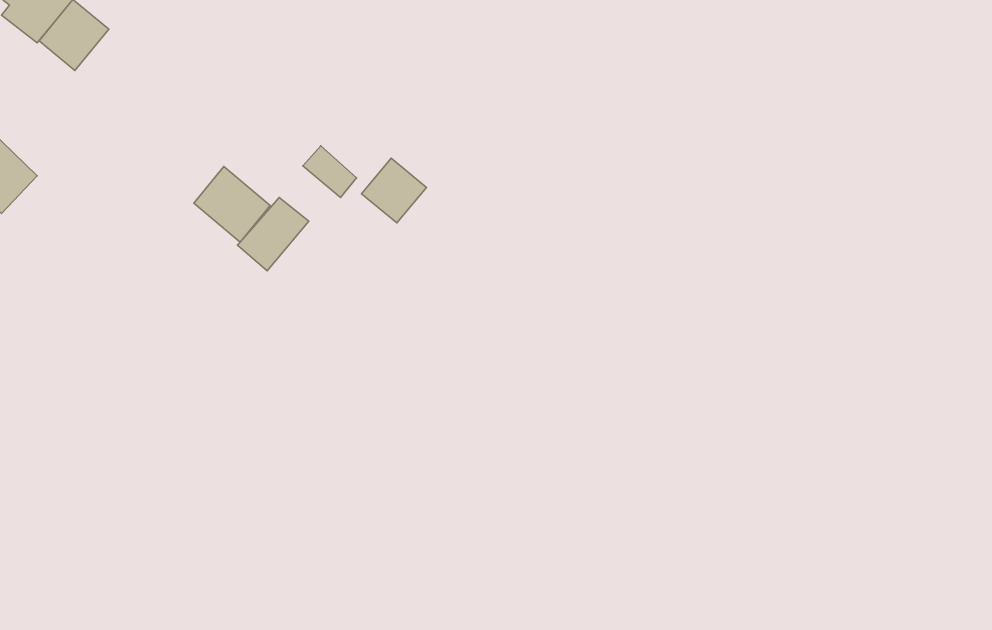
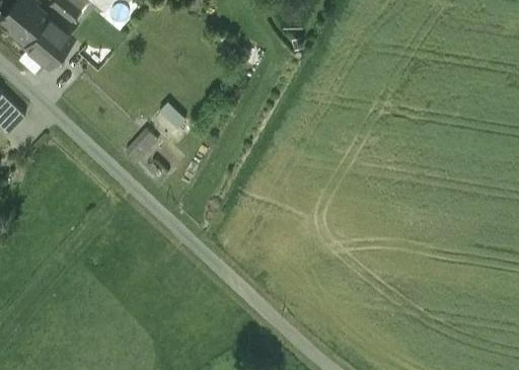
building: [361,158,427,223] -> none
building: [194,167,270,242] -> none

